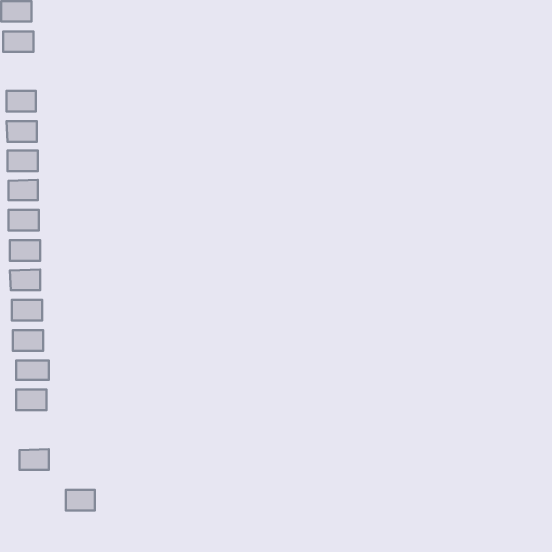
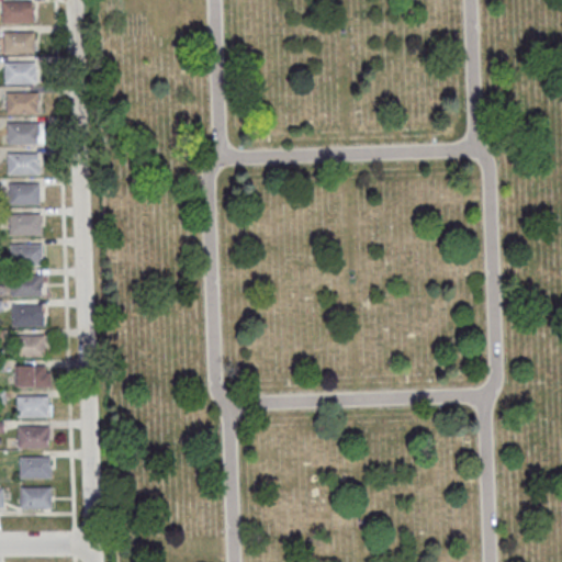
building: none -> [5,63,36,83]
building: none -> [19,427,49,448]
building: [66,490,95,510] -> [22,487,52,508]

